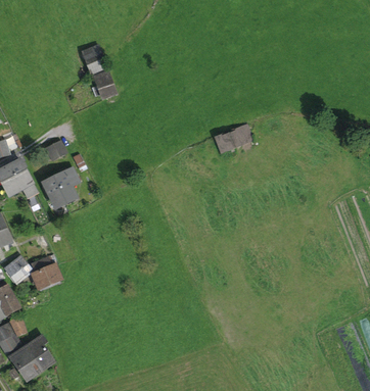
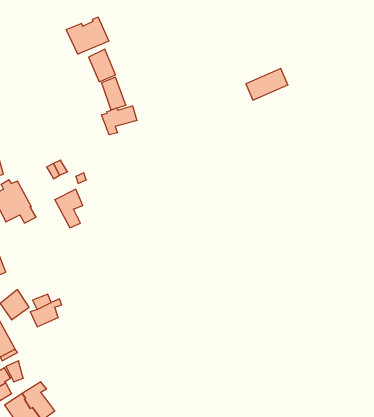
building: none -> [66,17,109,54]
building: none -> [102,106,137,135]
building: [215,124,251,151] -> [246,69,288,100]
building: [42,177,66,206] -> none

